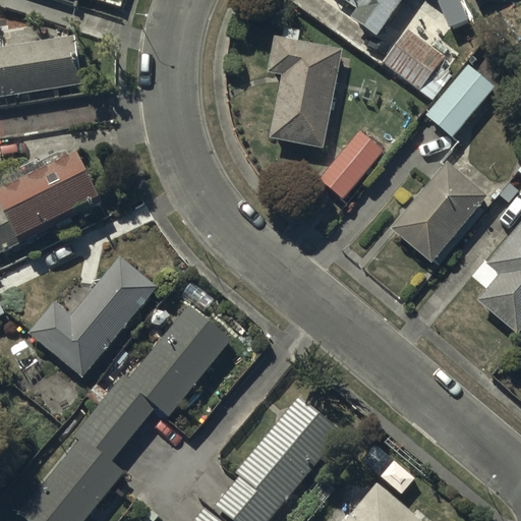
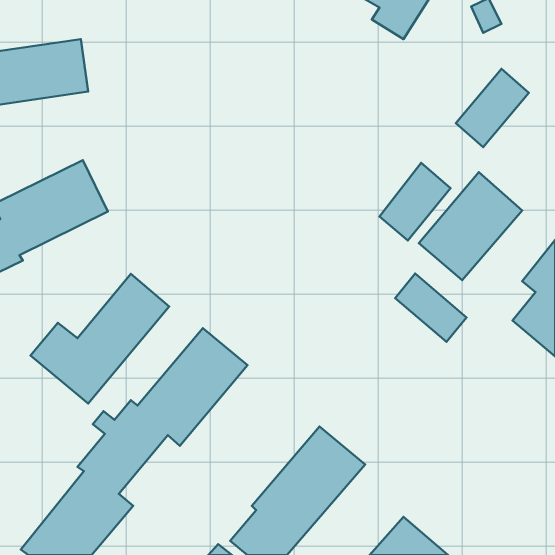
building: [383,26,452,102] -> none
building: [267,37,342,148] -> none
building: [317,128,384,200] -> [380,163,450,240]
building: none -> [395,274,466,342]

